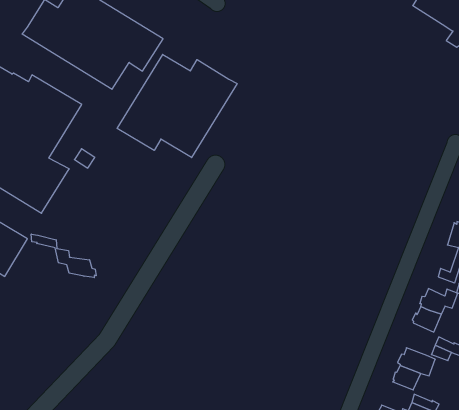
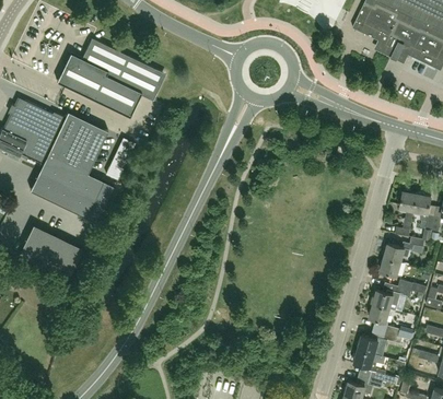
building: [117,54,237,158] -> none
building: [31,234,96,278] -> none

